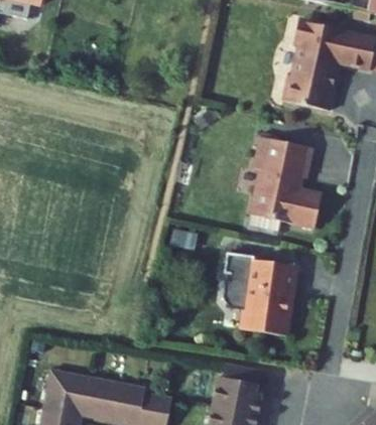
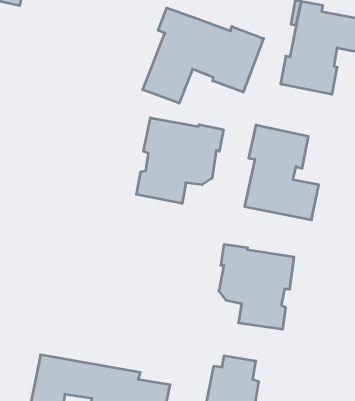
building: none -> [143,8,264,103]
building: none -> [136,118,223,204]

